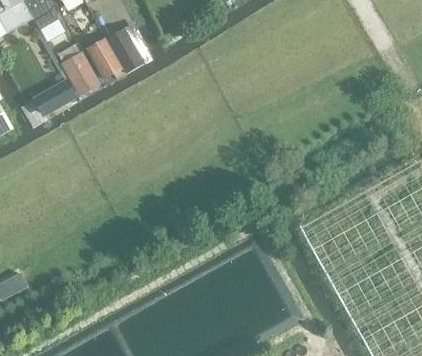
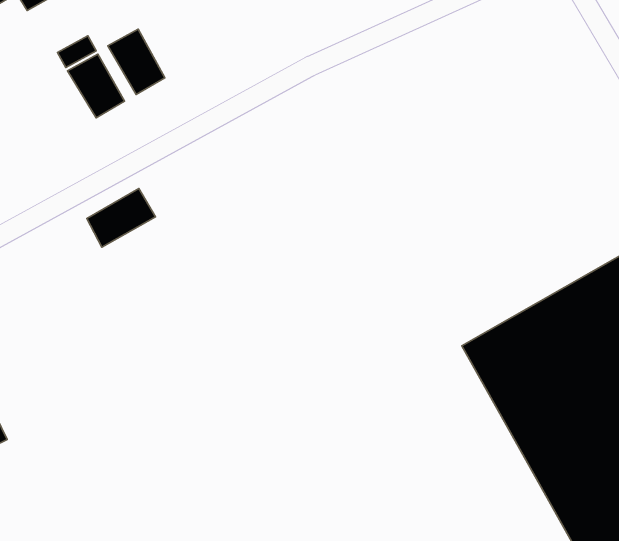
building: [108,29,142,68] -> none
building: [38,80,79,115] -> [87,188,156,247]

